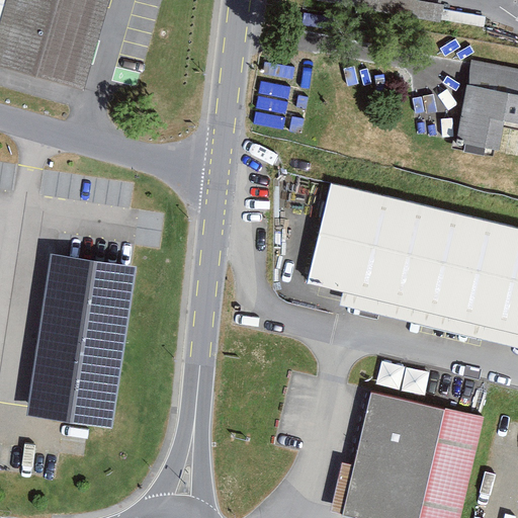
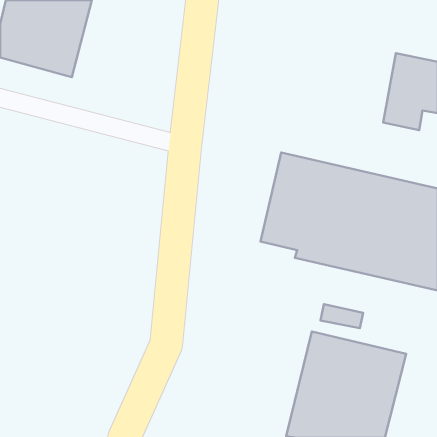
building: [28,250,139,424] -> none

